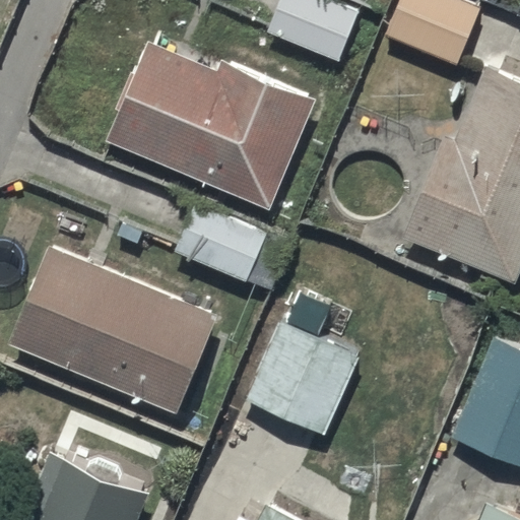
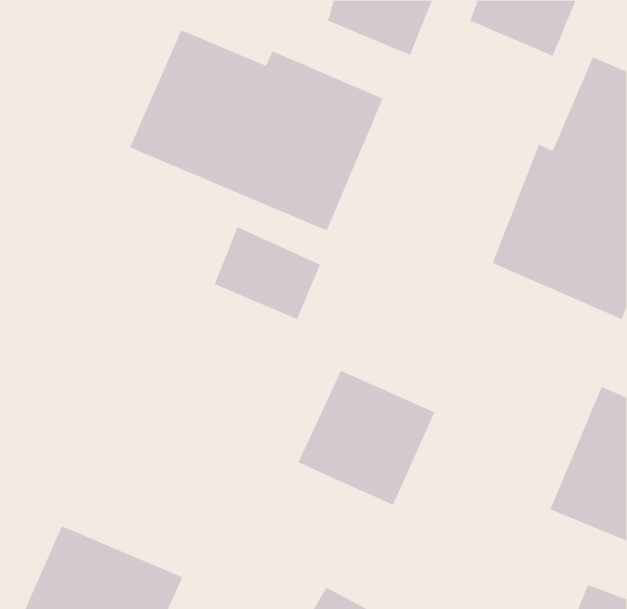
building: [11,242,216,407] -> none

